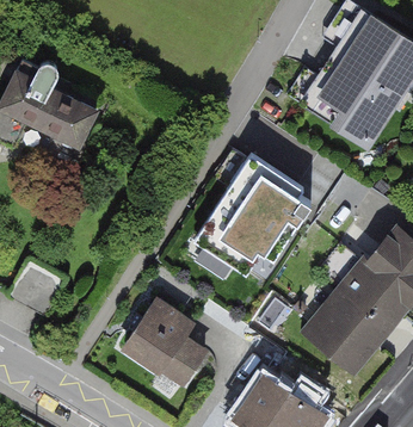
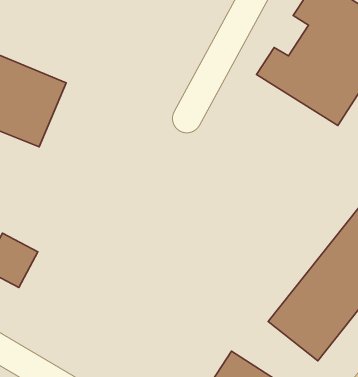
building: [193,153,308,276] -> none
building: [122,296,209,389] -> none

